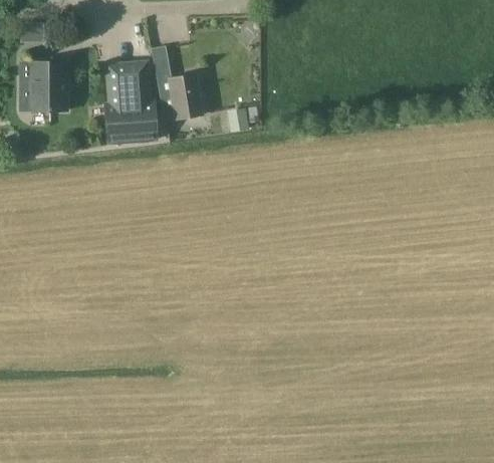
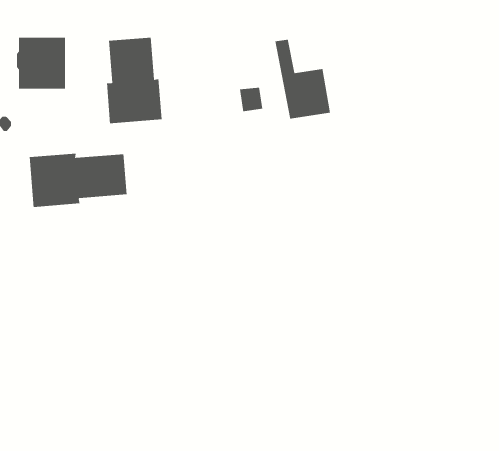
building: [152,46,204,121] -> [274,39,331,119]
building: none -> [29,153,127,208]

